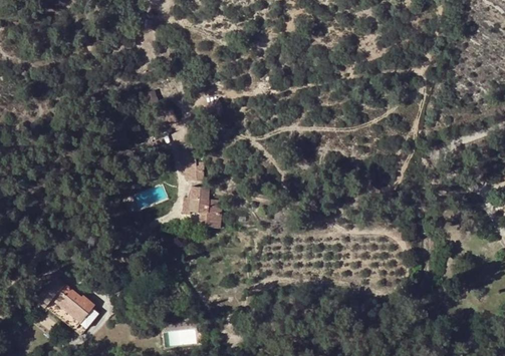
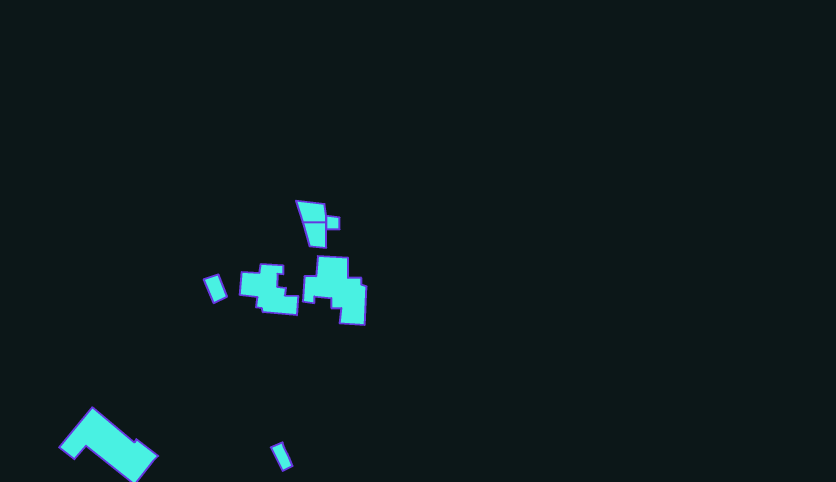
building: none -> [240,264,298,315]

